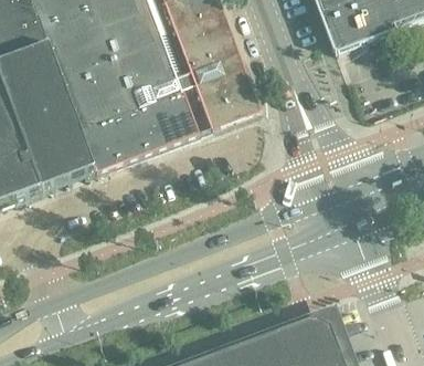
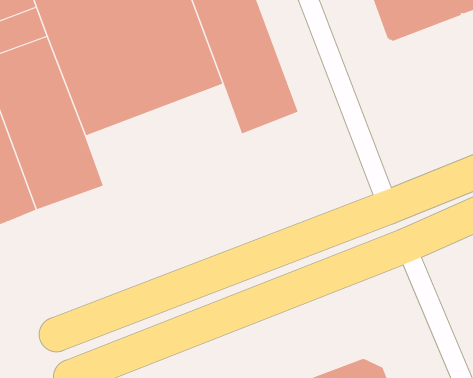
building: [82,86,211,166] -> none

